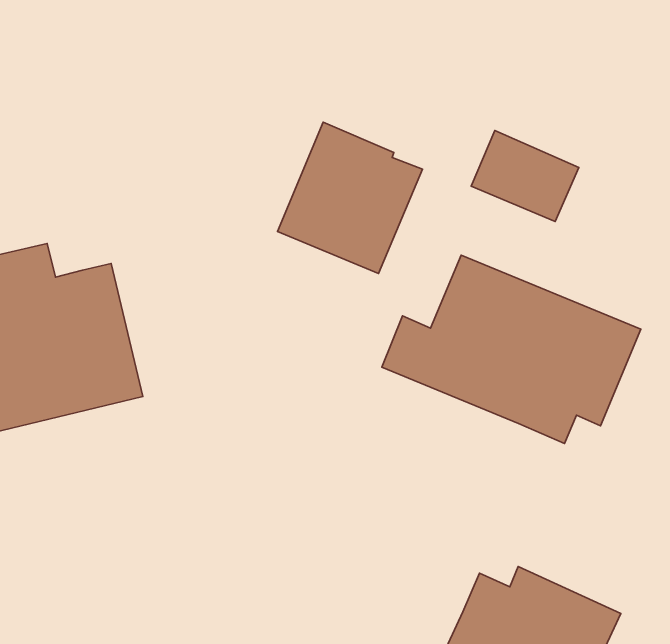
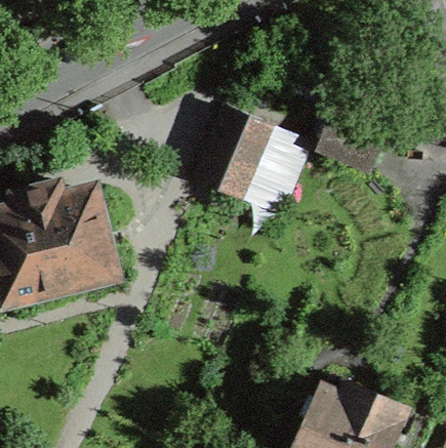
building: [382,255,641,444] -> none

